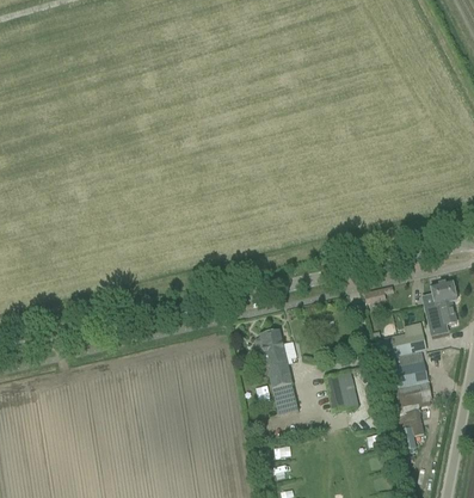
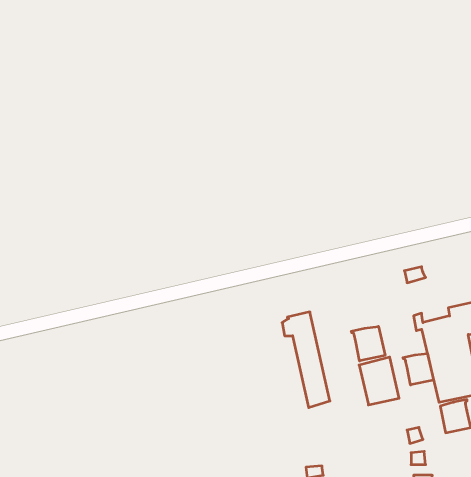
building: none -> [351,326,385,361]
building: none -> [403,353,433,385]

